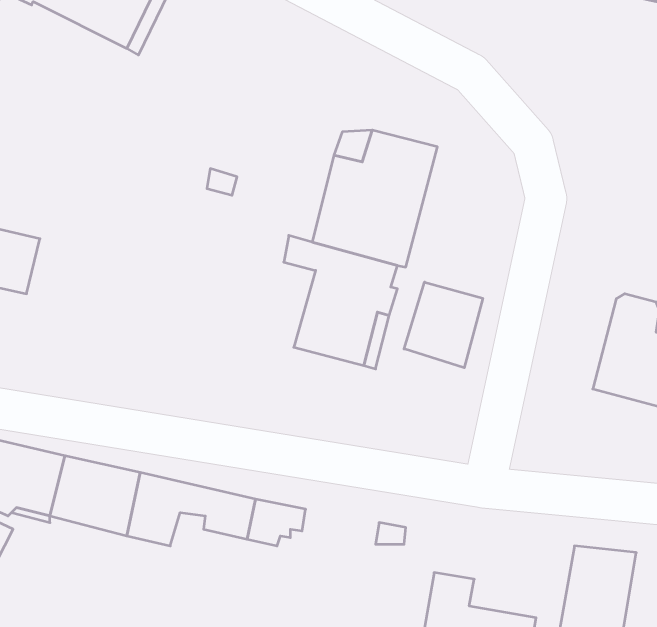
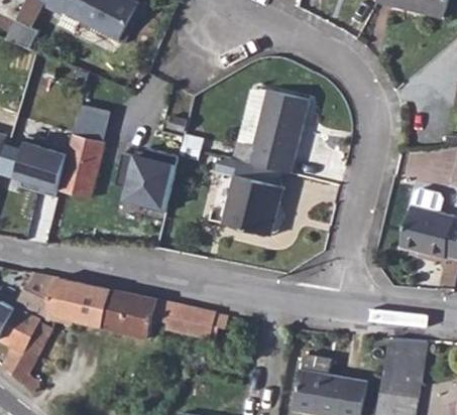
building: none -> [60,105,112,195]
building: none -> [113,145,178,210]
building: [404,282,483,368] -> none

